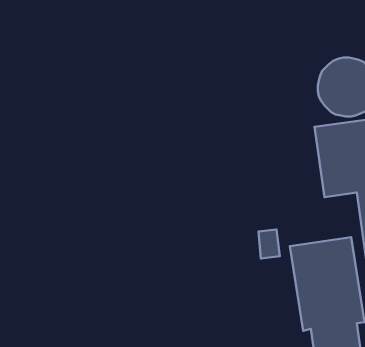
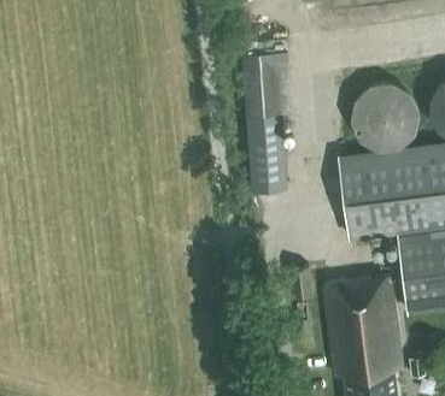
building: none -> [242,52,285,190]

